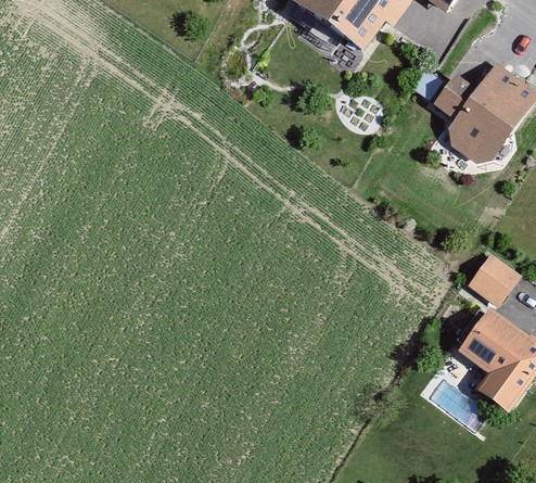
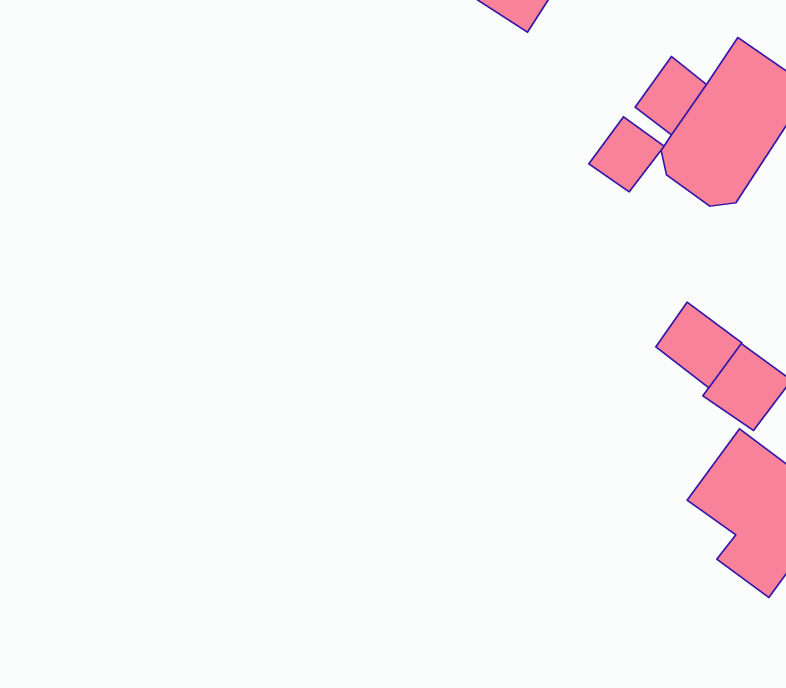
building: none -> [589,117,664,192]
building: none -> [656,302,742,388]

